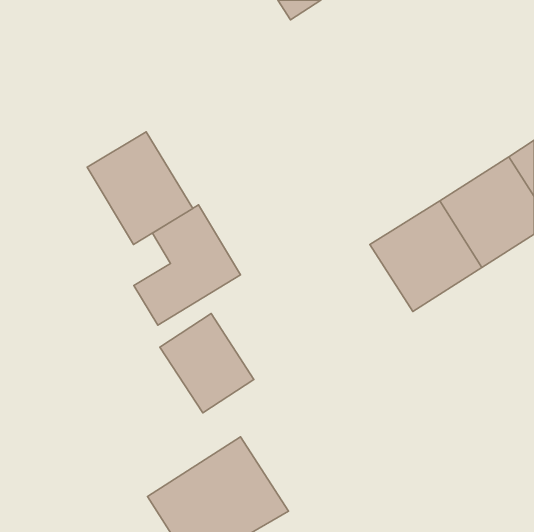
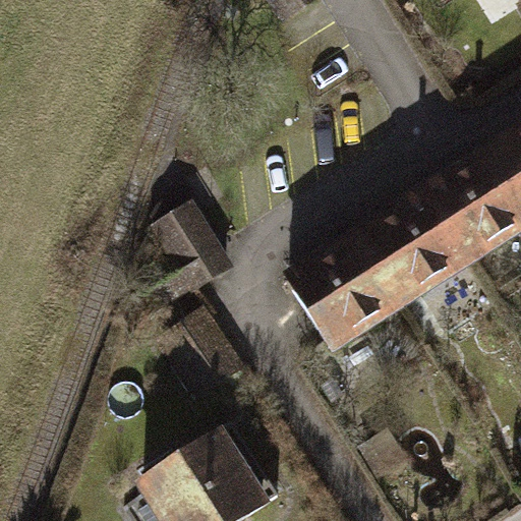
building: [87,132,193,244] -> none
building: none -> [289,240,402,351]

